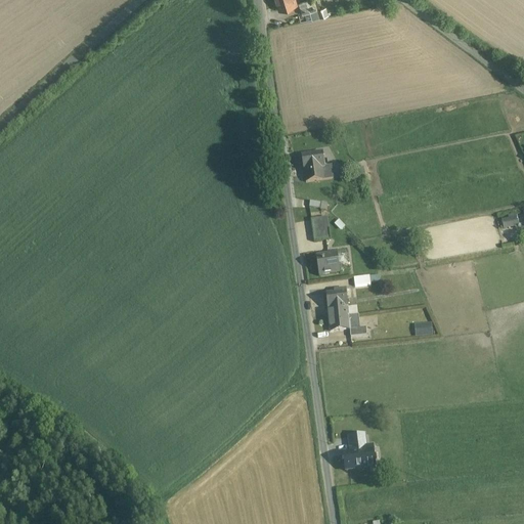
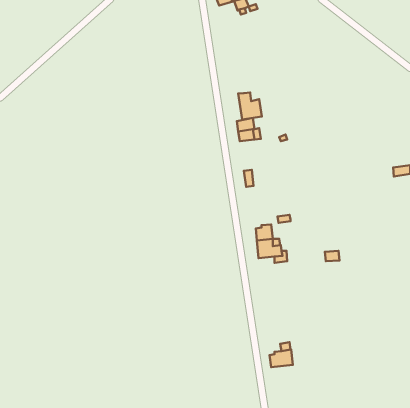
building: none -> [238,92,262,120]
building: [316,252,339,273] -> none

